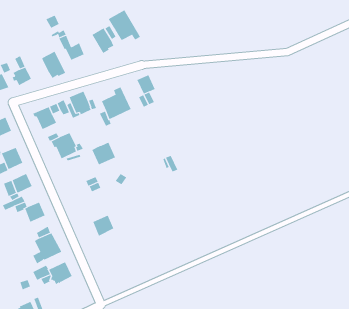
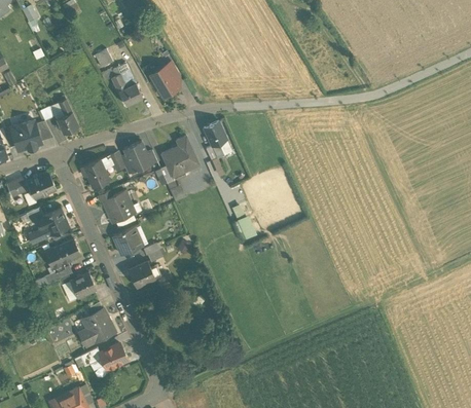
building: [108,10,141,41] -> none
building: [42,51,66,79] -> none
building: [91,142,116,165] -> [113,226,142,254]
building: [92,215,114,236] -> [129,261,154,287]

